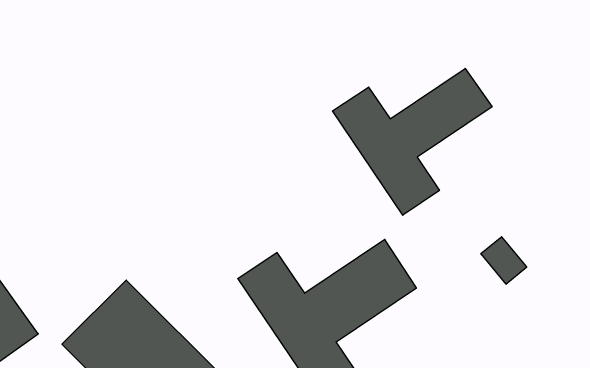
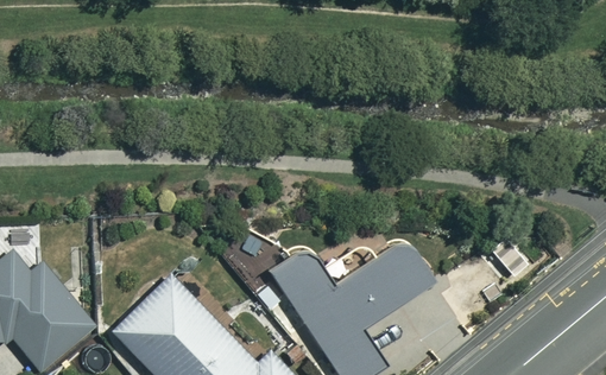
building: [332,68,492,215] -> none

